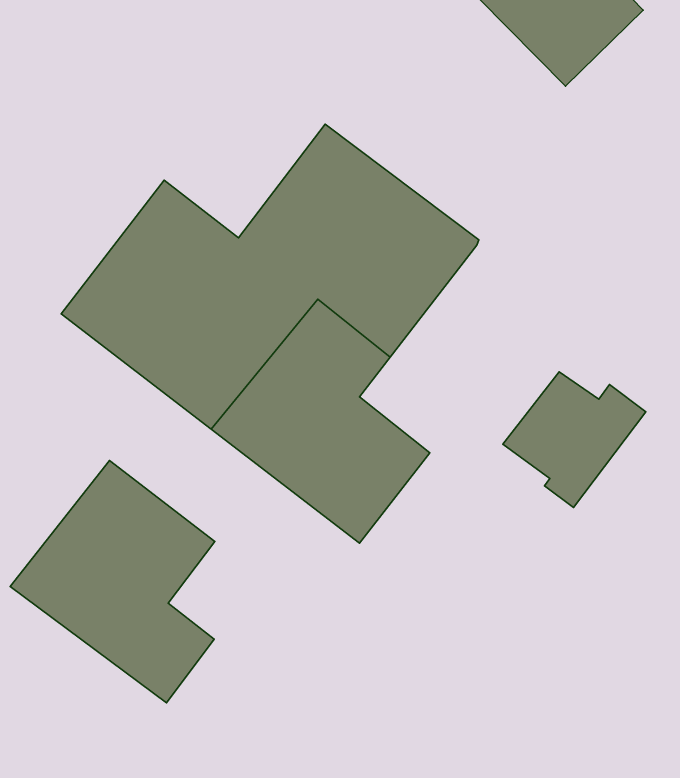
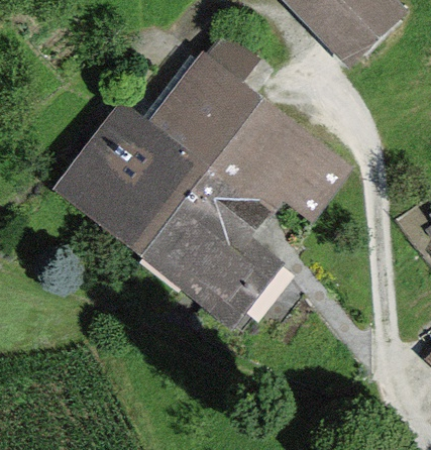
building: [503,372,646,507] -> [267,143,347,219]
building: [10,460,215,703] -> none

